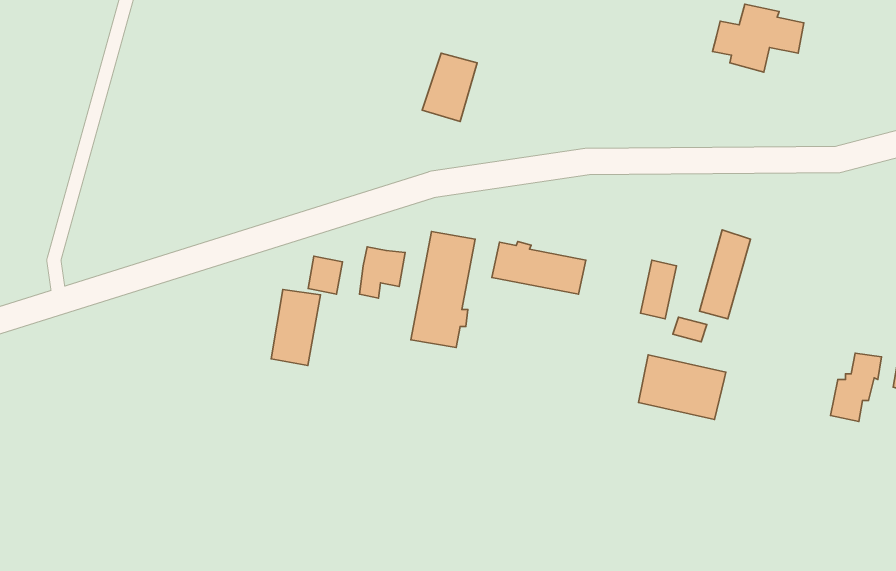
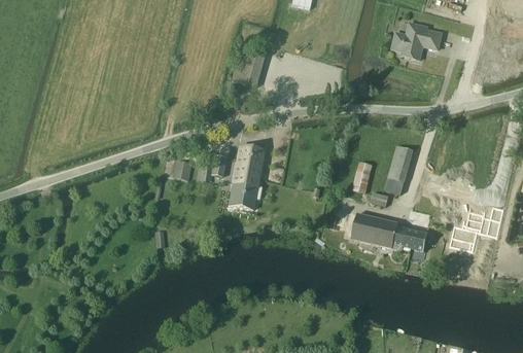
building: [492,241,586,294] -> none
building: [271,290,320,366] -> none
building: none -> [393,226,427,250]

